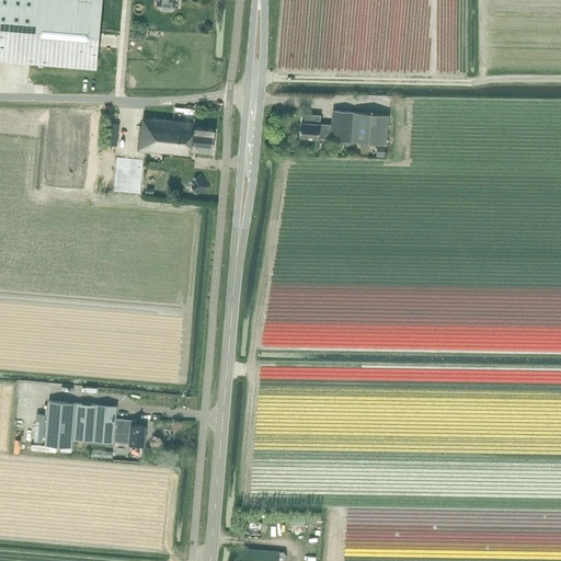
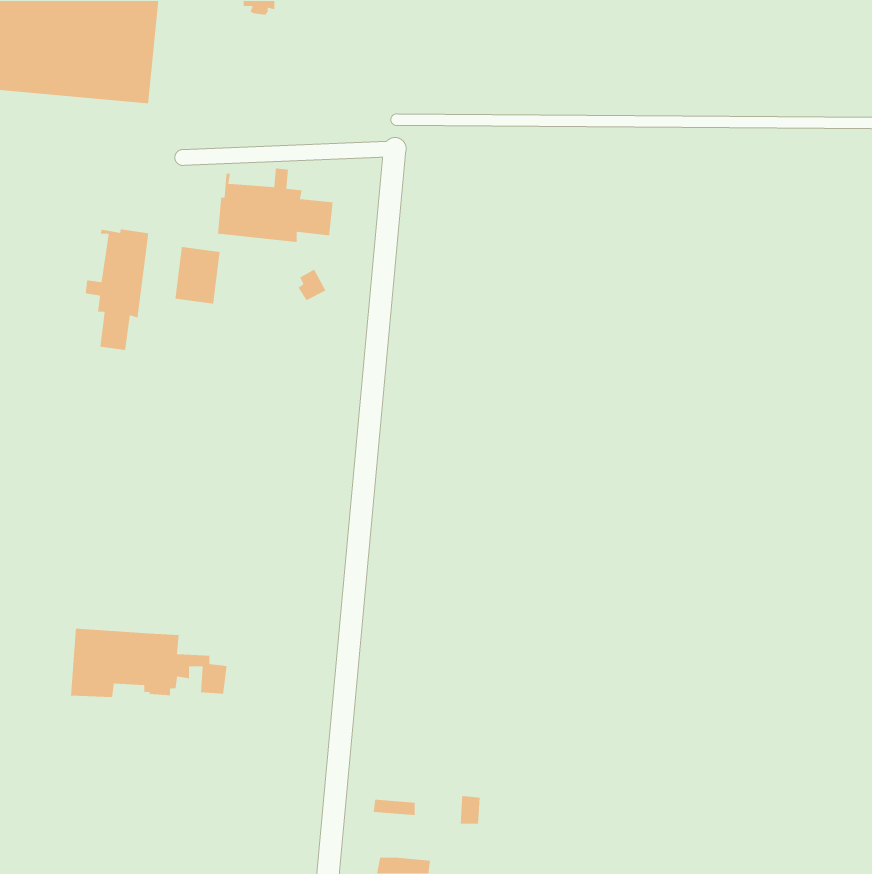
building: [299,110,388,146] -> none
building: none -> [85,229,149,351]

